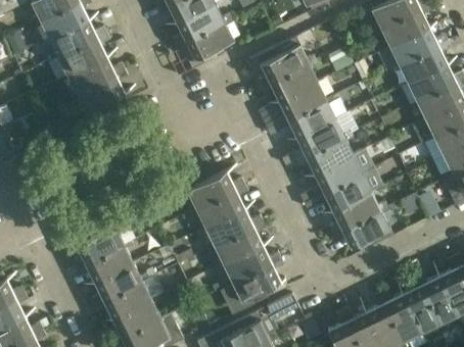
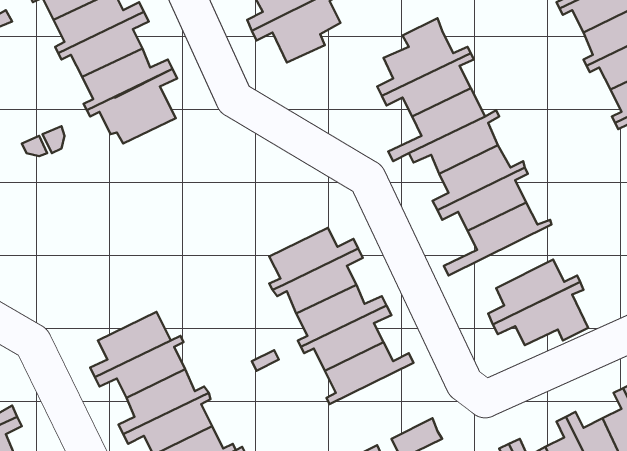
building: [303,170,372,211] -> none
building: [226,259,288,302] -> none

